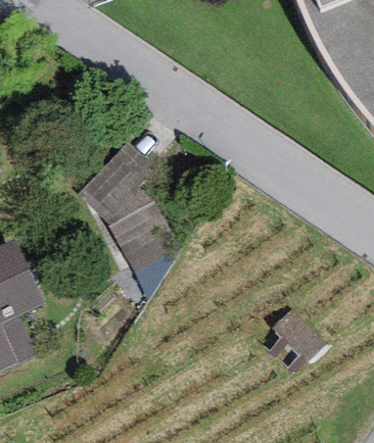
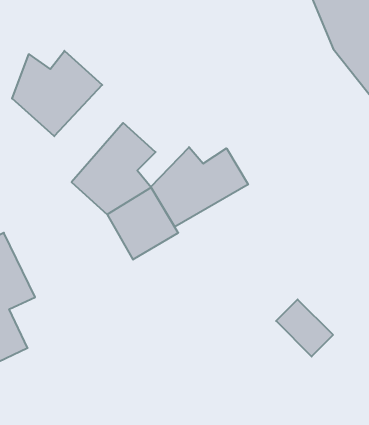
building: none -> [12,51,102,136]
building: none -> [151,147,248,227]

